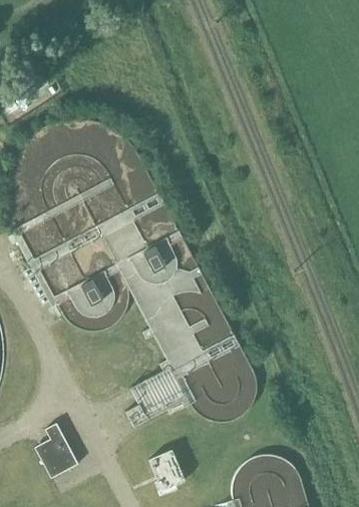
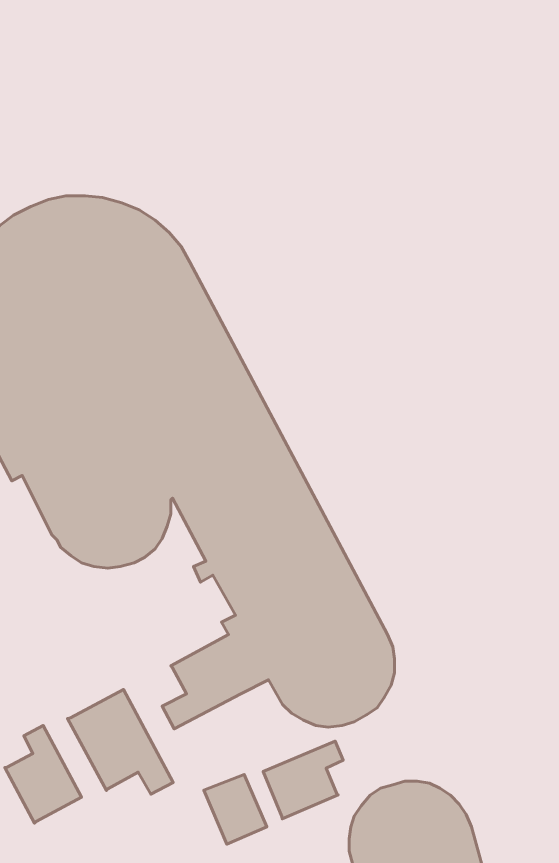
building: none -> [68,690,173,794]
building: none -> [263,741,343,819]

